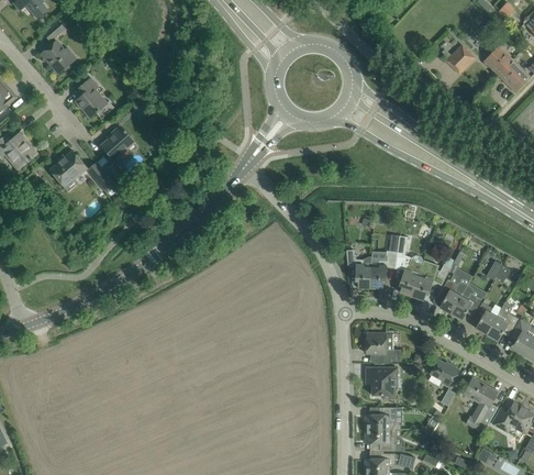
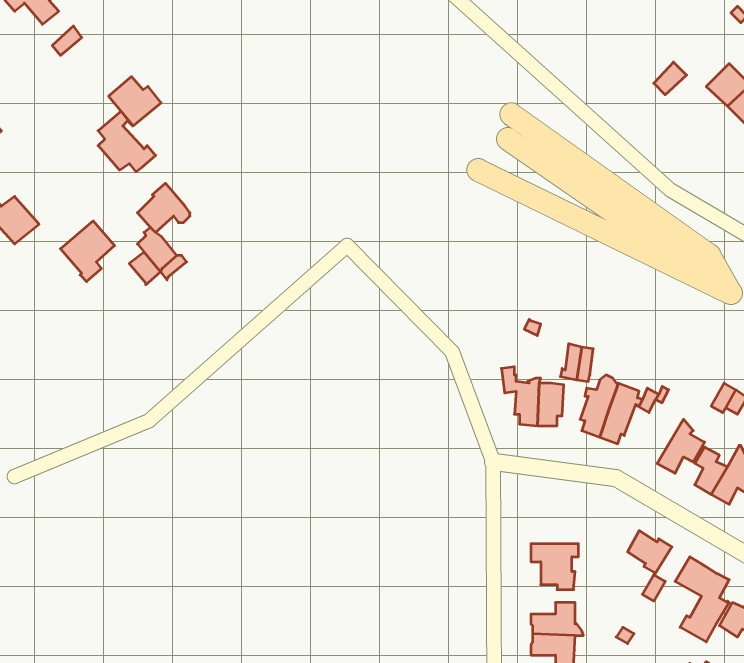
building: [42,40,77,73] -> [109,77,161,126]
building: [440,278,468,313] -> none
building: [365,332,402,363] -> none

